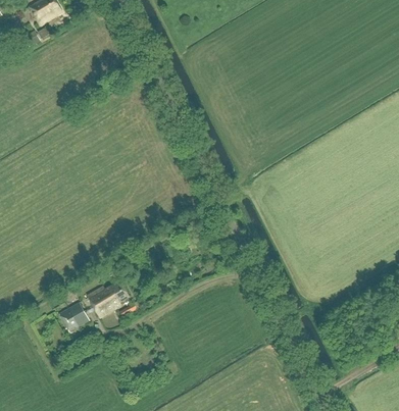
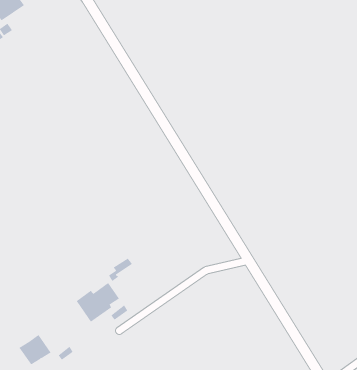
building: [58,302,89,330] -> [19,334,51,365]

